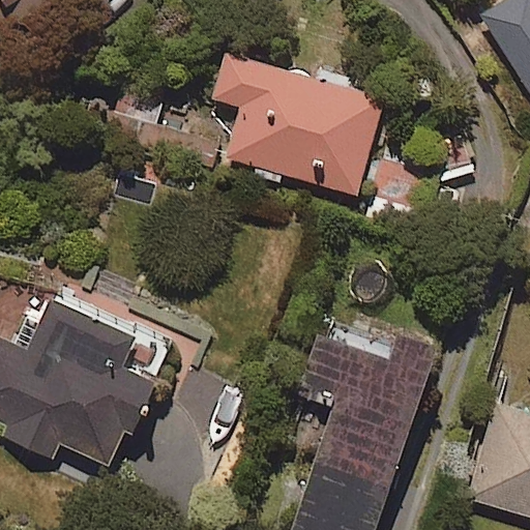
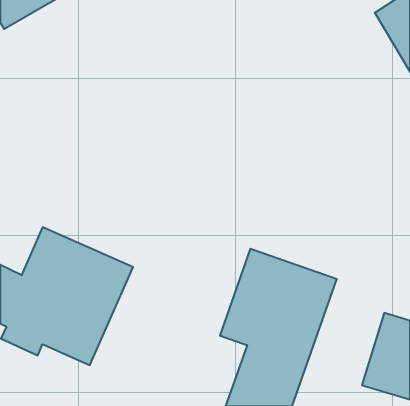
building: [207,53,382,193] -> none

